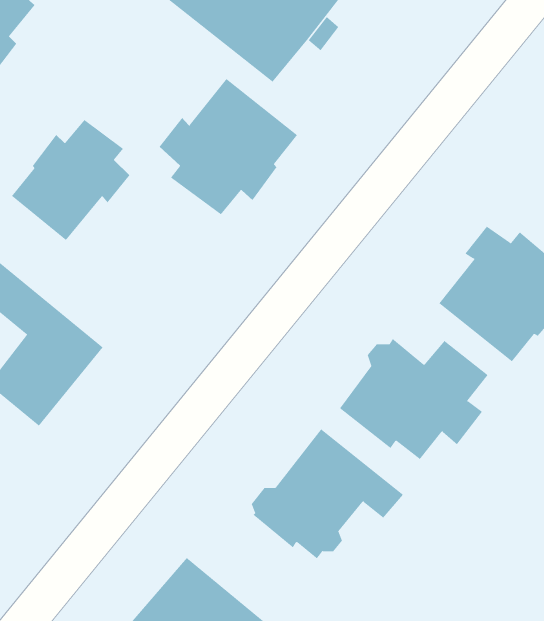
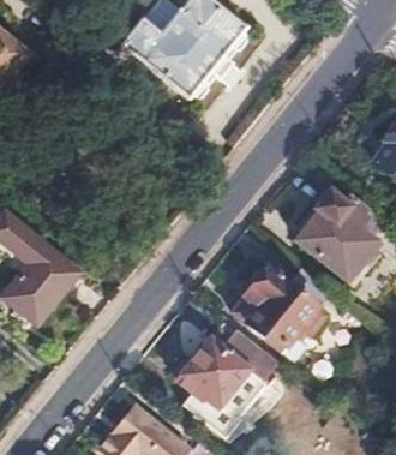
building: [159,78,298,215] -> none
building: [11,119,130,241] -> none

